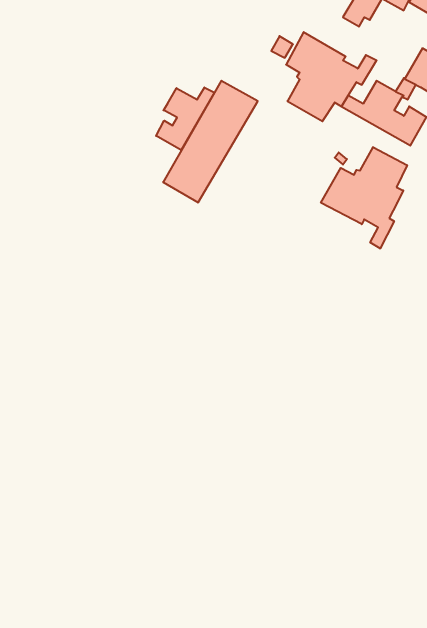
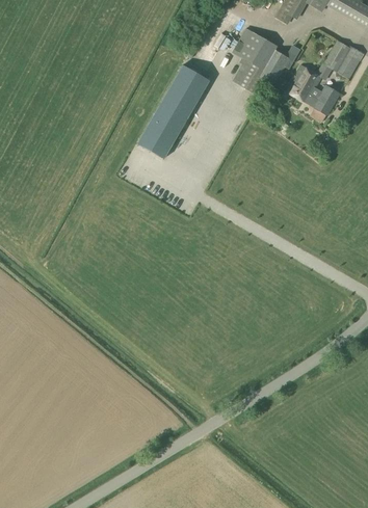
building: [156,87,214,150] -> none
building: [321,147,407,249] -> none

